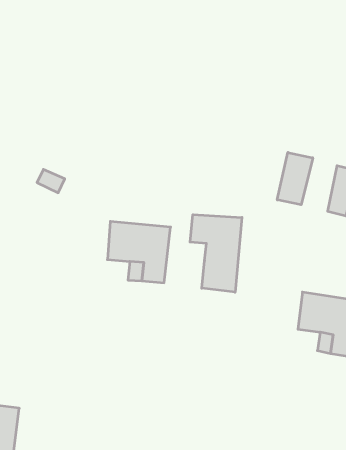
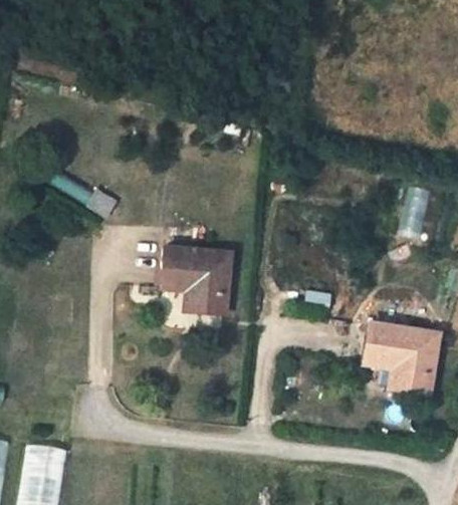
building: [277,152,313,205] -> none
building: [190,215,242,292] -> none

